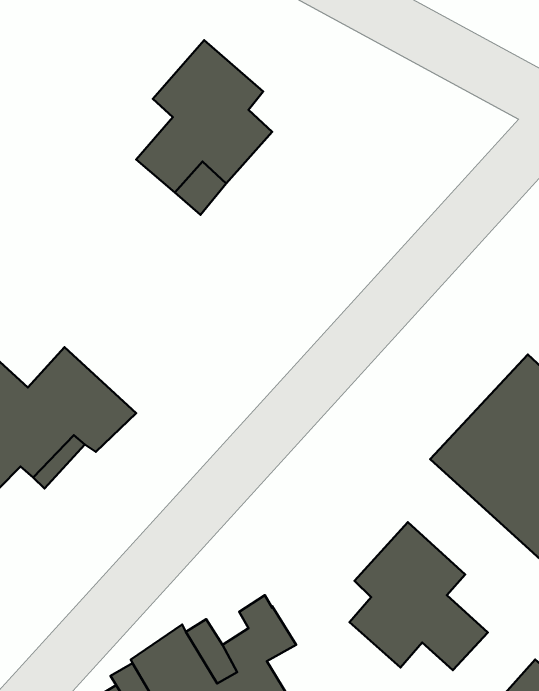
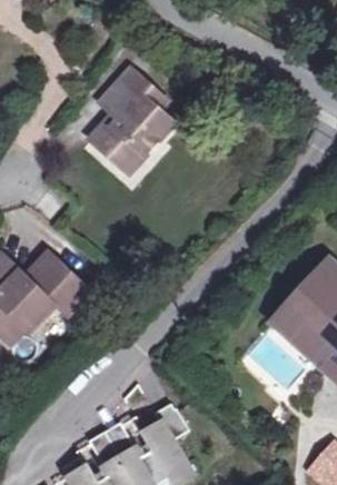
building: [350,522,488,670] -> none

